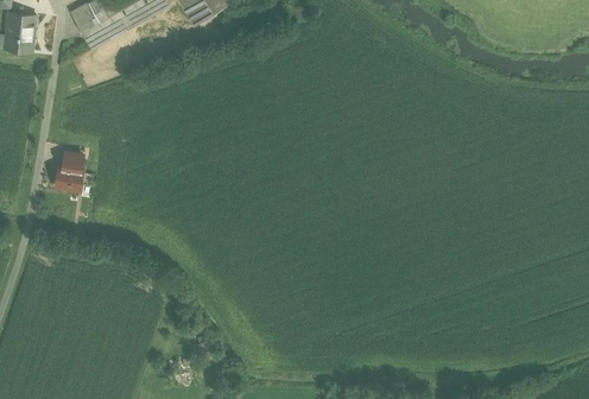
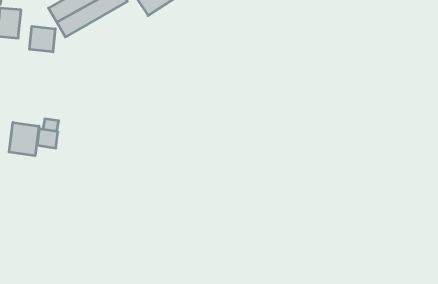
building: none -> [30,26,55,52]
building: none -> [9,122,39,156]

